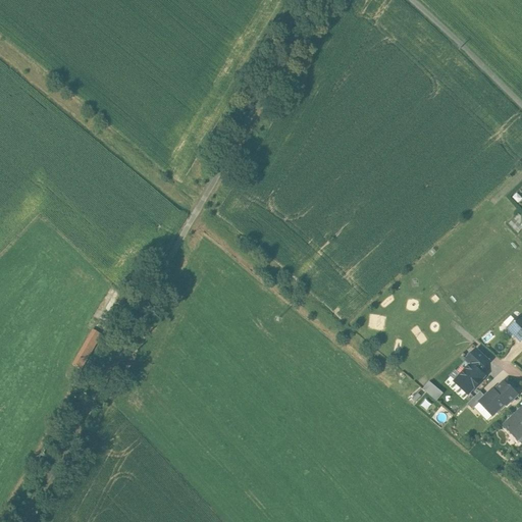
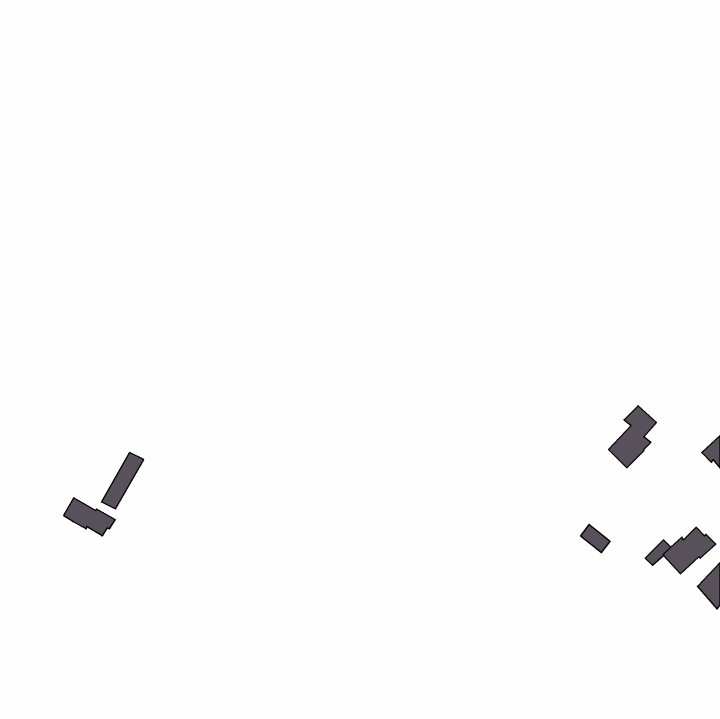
building: [455,349,489,394] -> [609,406,656,468]
building: none -> [64,498,115,536]

